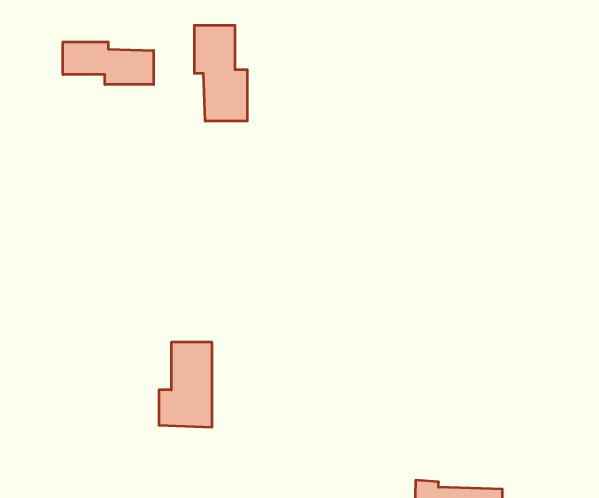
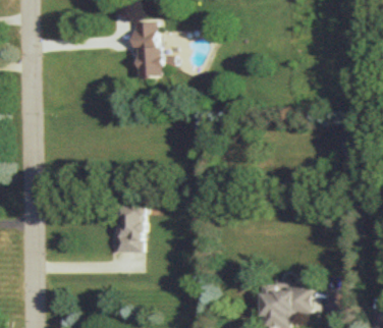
building: [63,42,154,85] -> none

